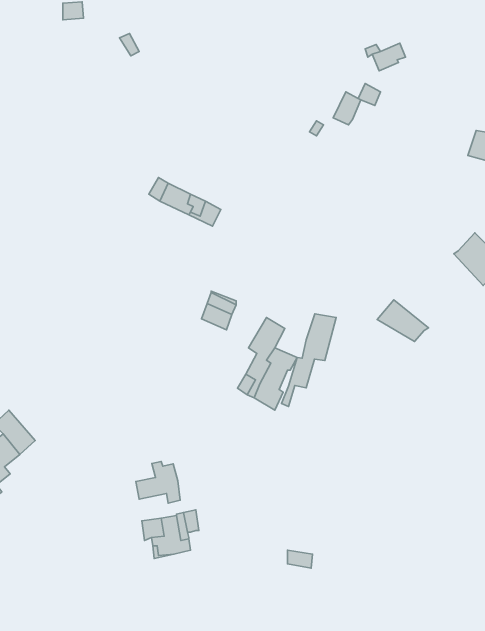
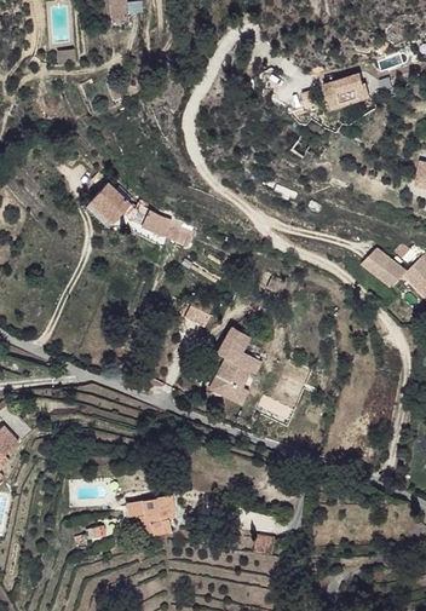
building: none -> [85,180,131,226]
building: [377,300,428,342] -> [357,243,402,279]
building: [282,314,336,406] -> none
building: [136,462,180,503] -> none

